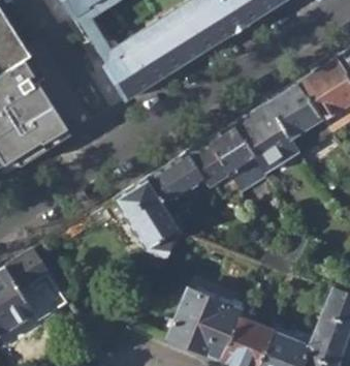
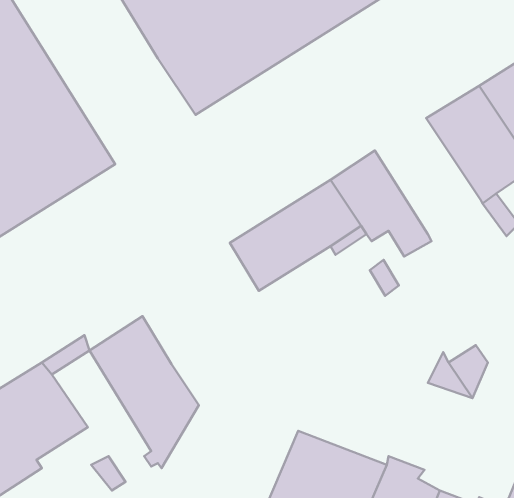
building: [234,101,298,172] -> none
building: [115,177,181,269] -> [90,316,199,468]

